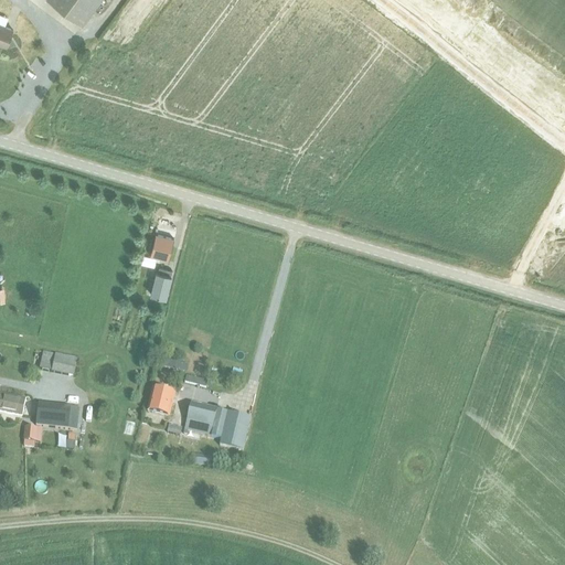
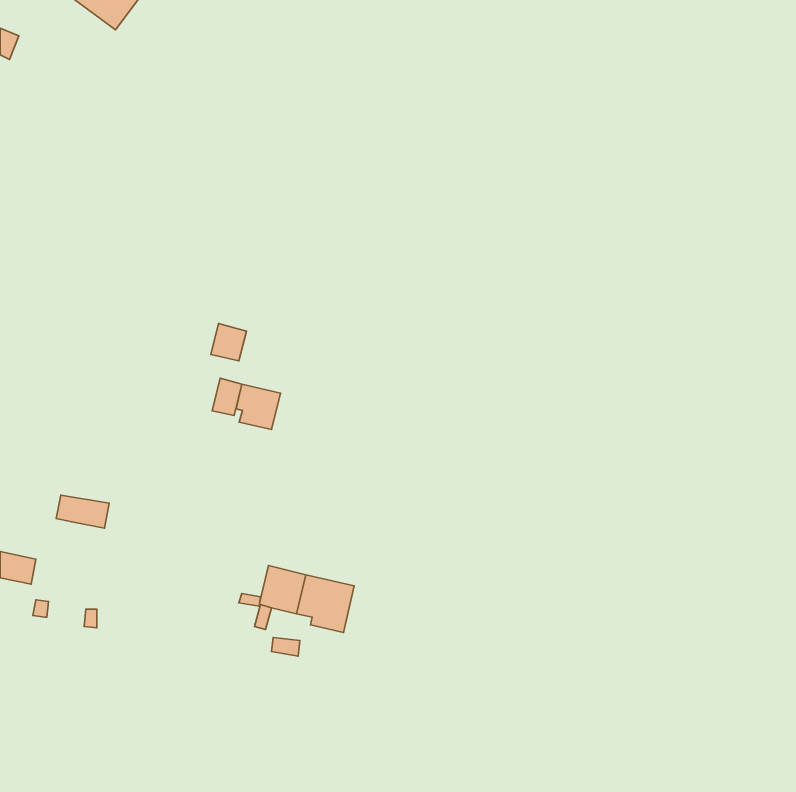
building: none -> [236,384,280,430]
building: [148,385,172,414] -> none
building: [36,399,79,427] -> none

